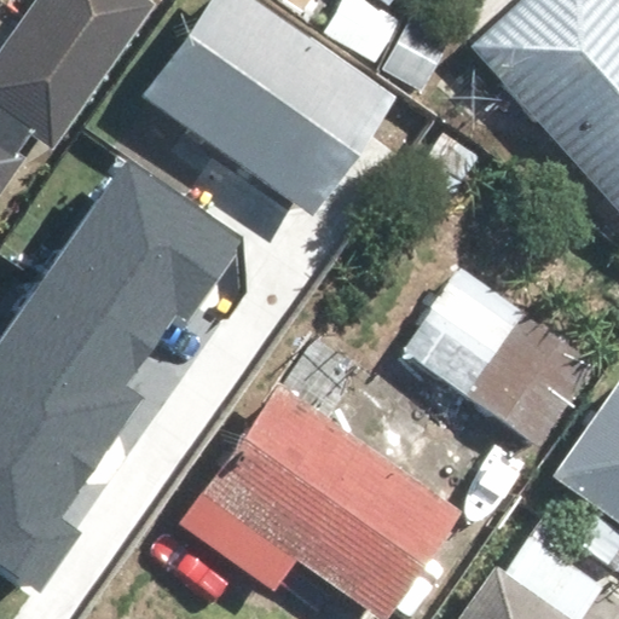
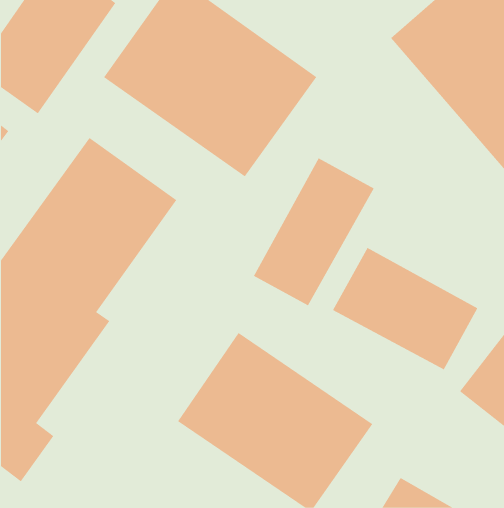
building: none -> [253,158,375,306]

